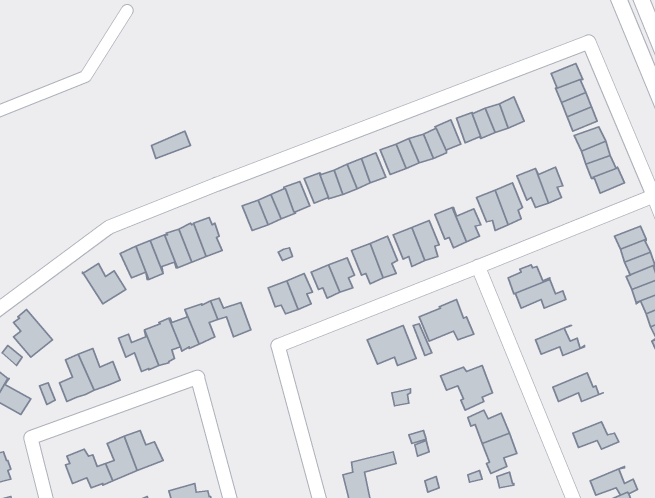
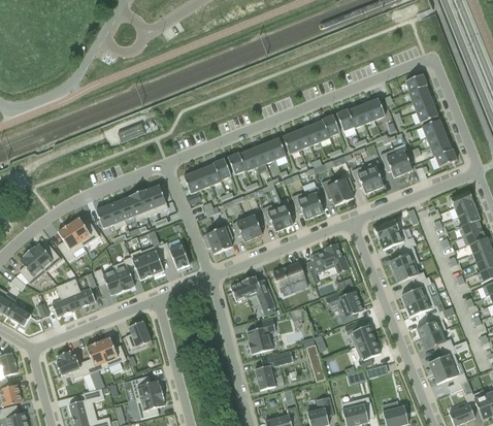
building: none -> [58,223,83,260]
building: none -> [28,242,61,271]
building: none -> [389,242,418,271]
building: none -> [230,275,275,309]
building: none -> [400,276,431,305]
building: none -> [416,309,446,338]
building: none -> [247,318,275,353]
building: none -> [125,321,151,349]
building: none -> [428,345,457,372]

